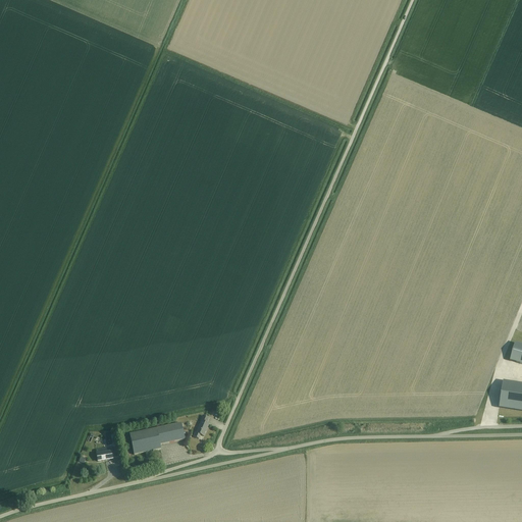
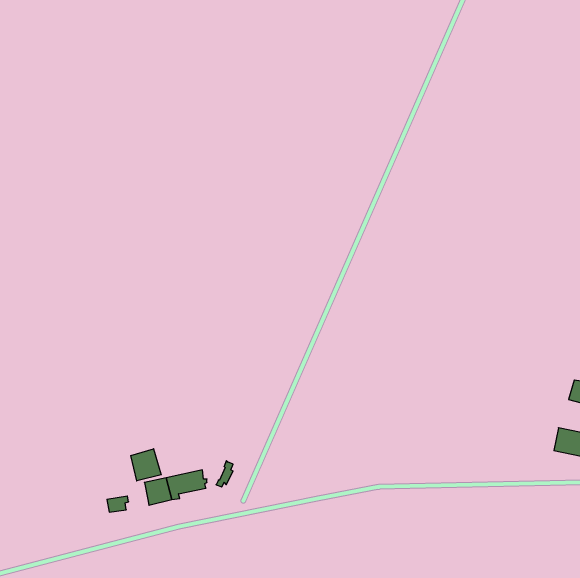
building: none -> [131,449,161,481]

